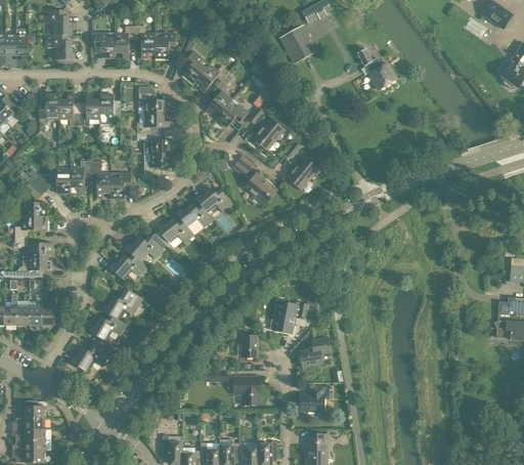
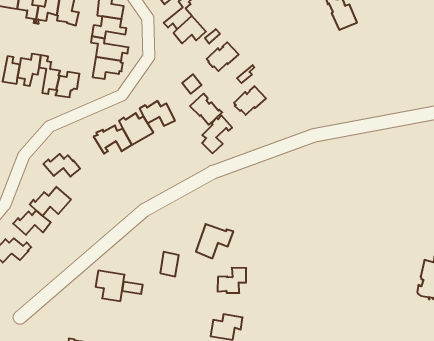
building: none -> [202,115,232,153]
building: [125,236,163,260] -> none
building: [232,377,259,404] -> [96,271,125,301]

